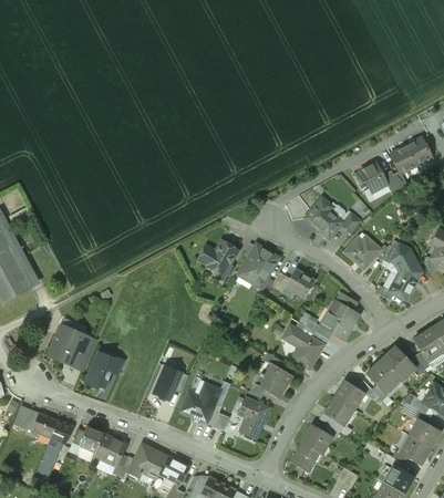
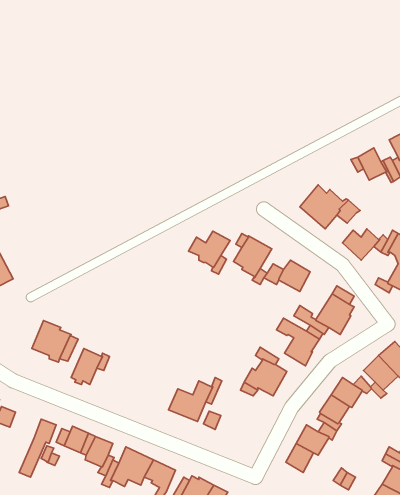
building: [153,365,182,400] -> none
building: [238,397,269,438] -> none
building: [31,412,59,438] -> none

